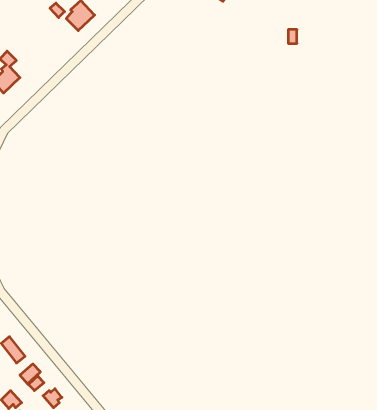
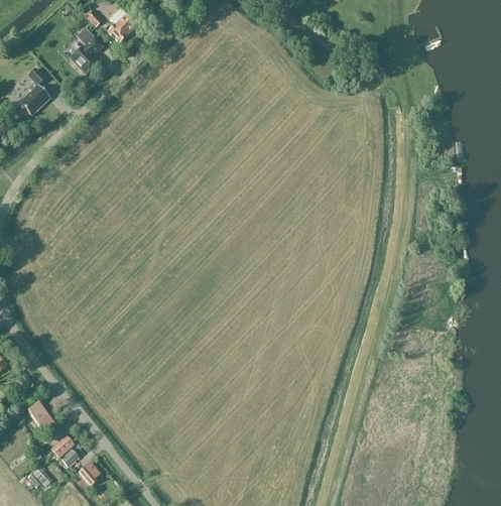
building: none -> [68,26,103,74]

